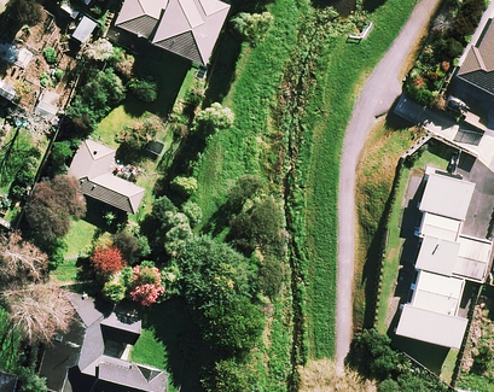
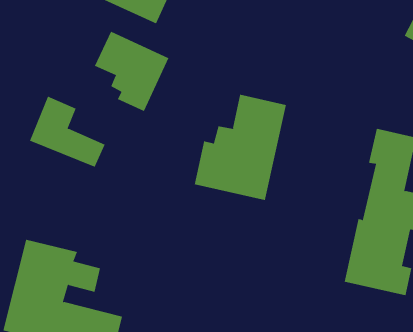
building: none -> [94,31,169,112]
building: none -> [194,94,286,201]

